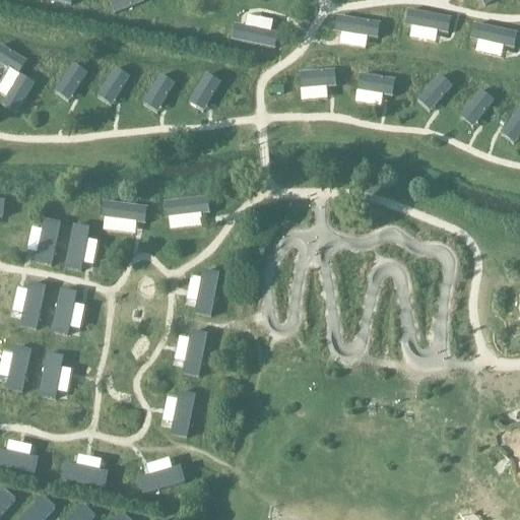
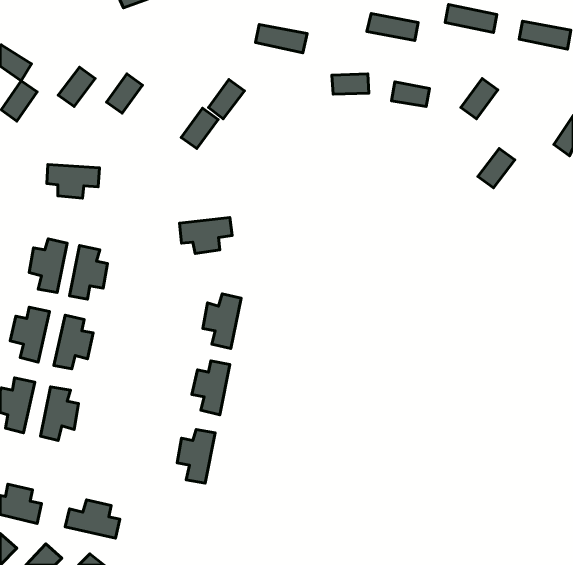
building: [141,72,175,109] -> [181,108,218,149]
building: [460,87,494,123] -> [478,149,515,188]
building: [99,200,146,231] -> [47,165,99,198]
building: [136,455,186,493] -> none

